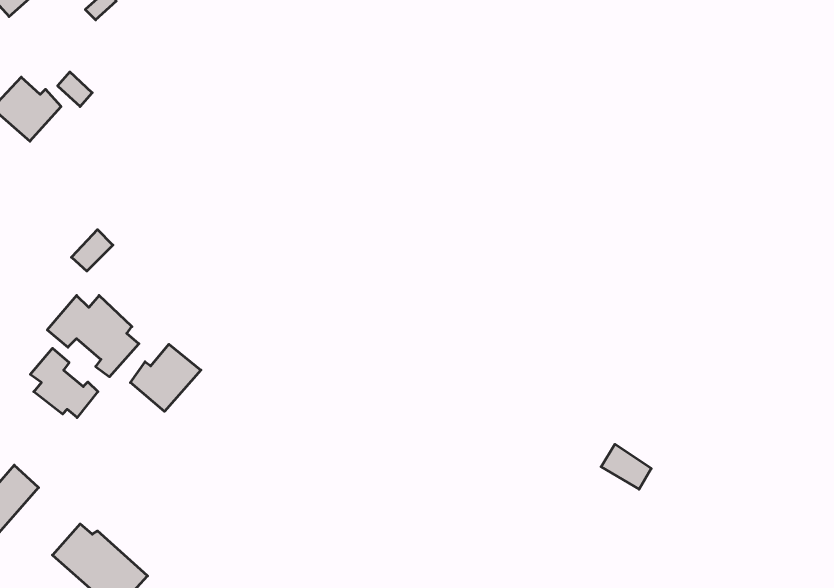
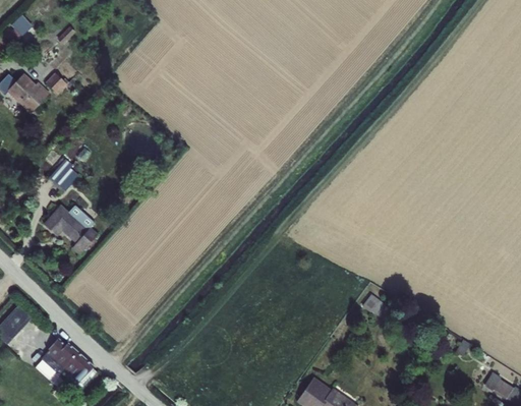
building: [130,344,201,411] -> none
building: [30,348,98,418] -> none

